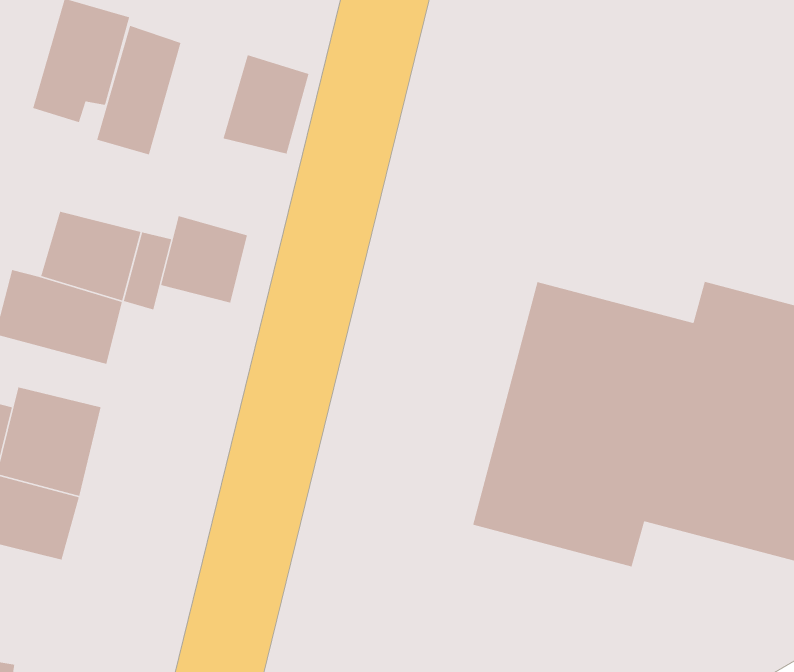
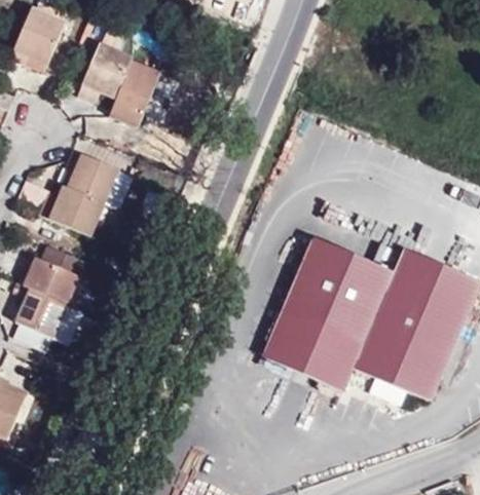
building: [222,54,309,155] -> none
building: [160,215,248,304] -> none

